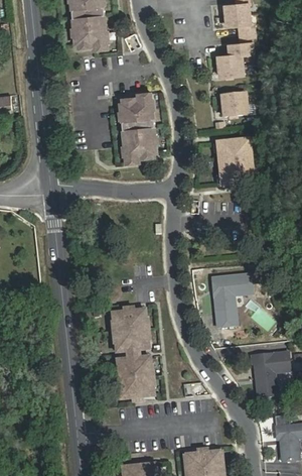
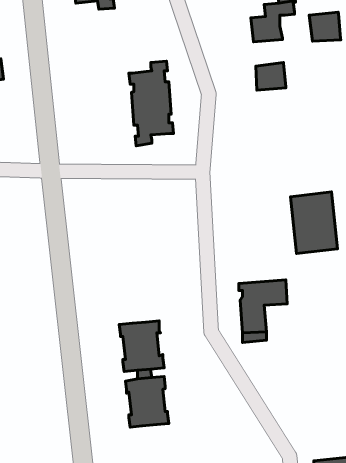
building: none -> [309,12,341,41]
building: [218,135,258,187] -> [290,192,337,254]
building: [248,355,287,400] -> none

